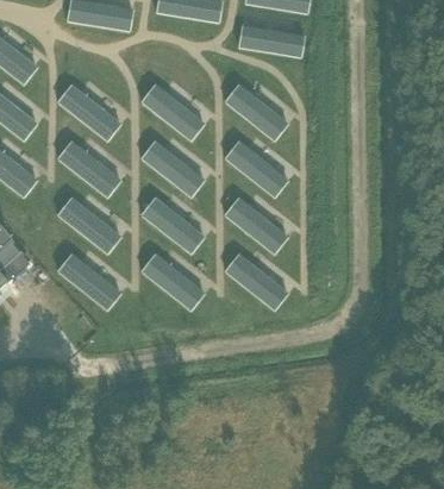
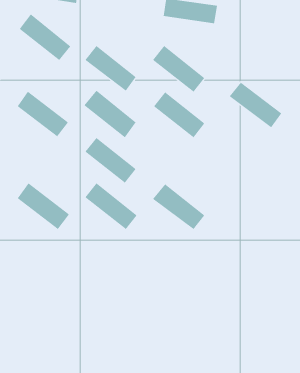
building: [57,82,121,140] -> [19,14,71,61]
building: [57,195,121,253] -> none
building: [224,198,289,255] -> [229,82,282,128]

